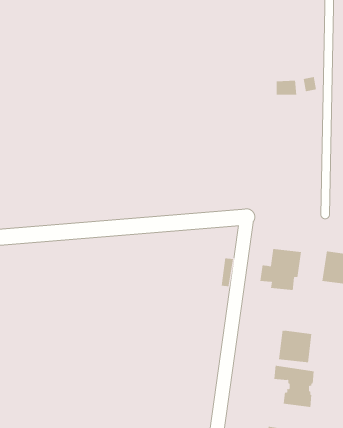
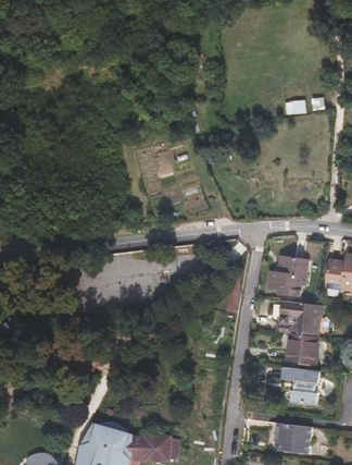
building: none -> [277,301,323,336]

